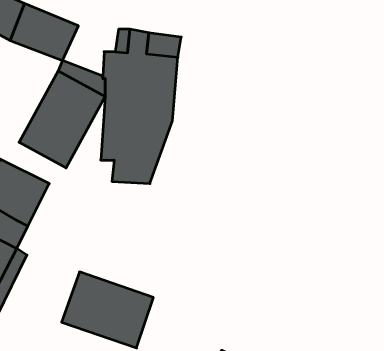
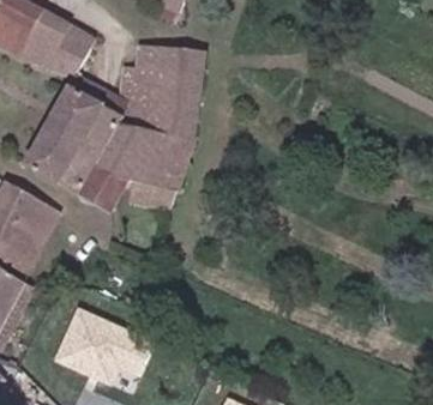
building: none -> [72,115,115,208]

